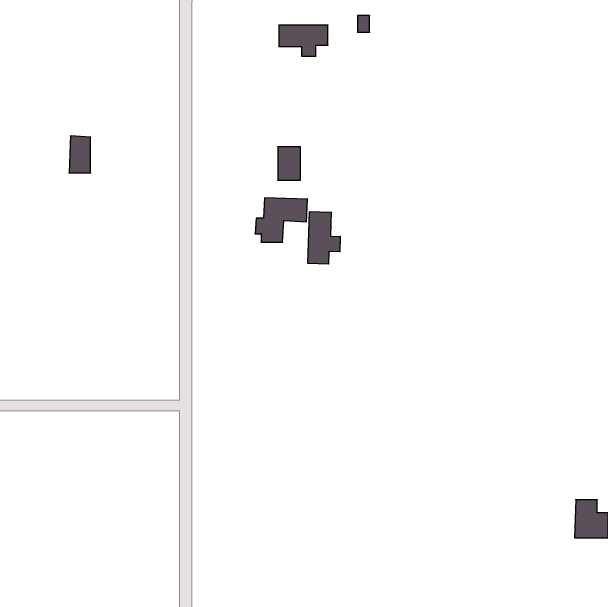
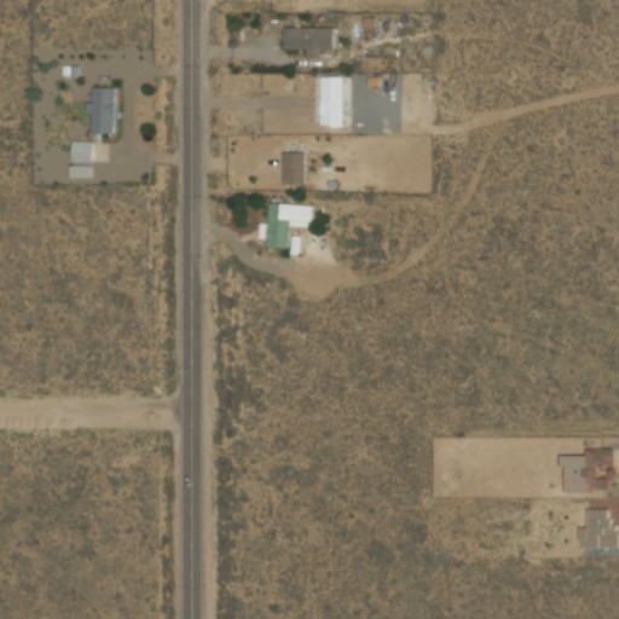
building: none -> [319,76,343,127]
building: none -> [88,86,115,134]
building: [308,212,340,264] -> none

